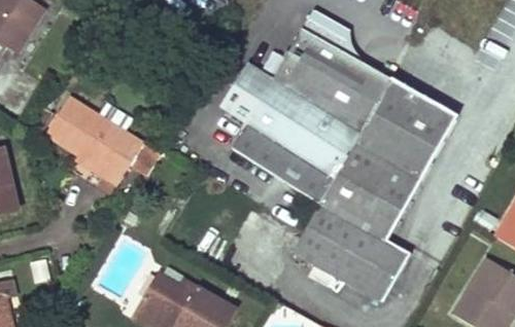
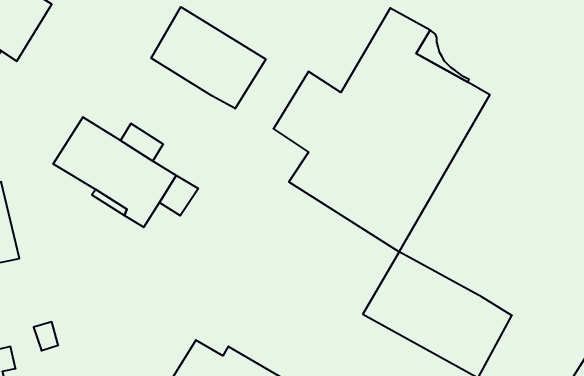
building: none -> [151,7,266,109]
building: [320,79,457,240] -> none

